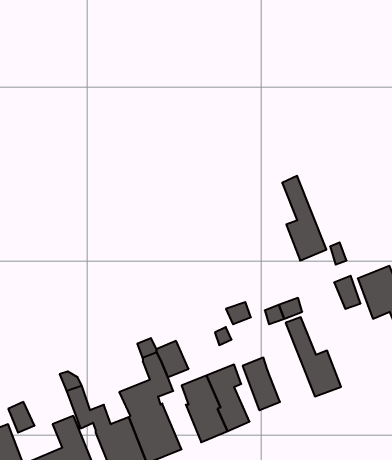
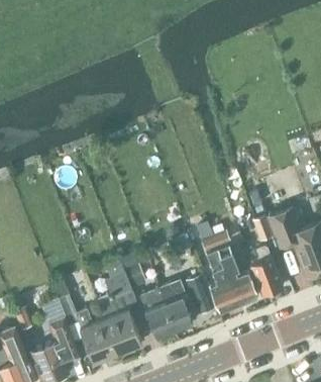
building: [282,176,326,261] -> [206,250,238,311]
building: none -> [250,245,282,293]

